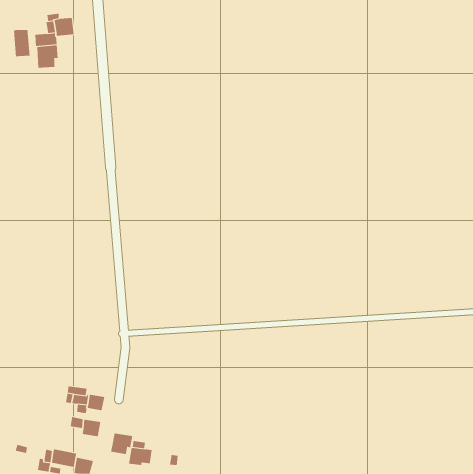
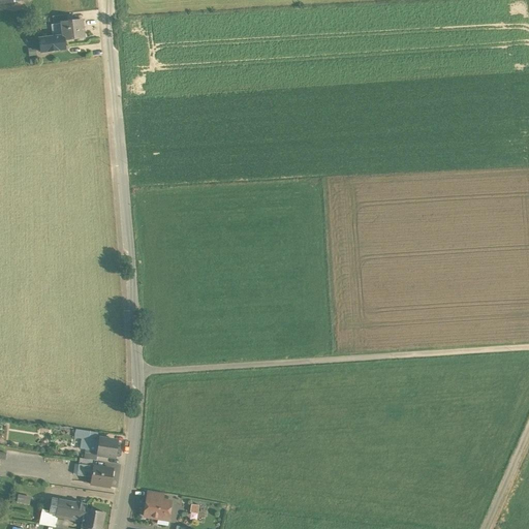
building: [13,29,30,57] -> none
building: [36,45,58,69] -> none
building: [111,433,133,455] -> none

